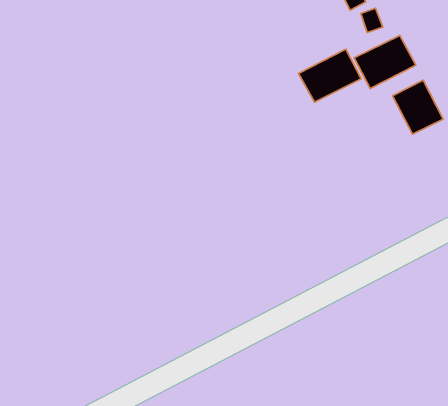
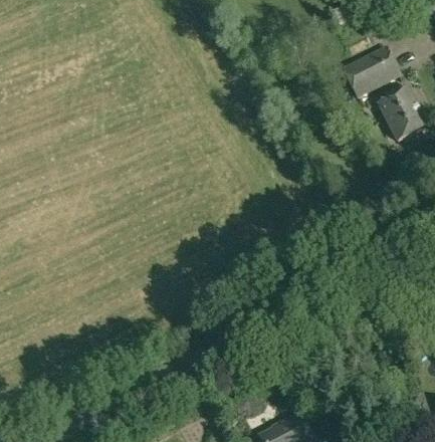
building: [298,49,361,102] -> none

